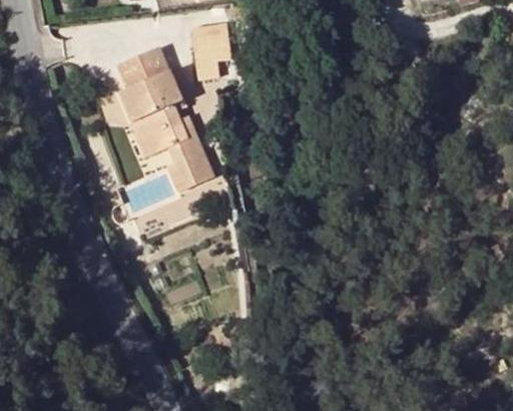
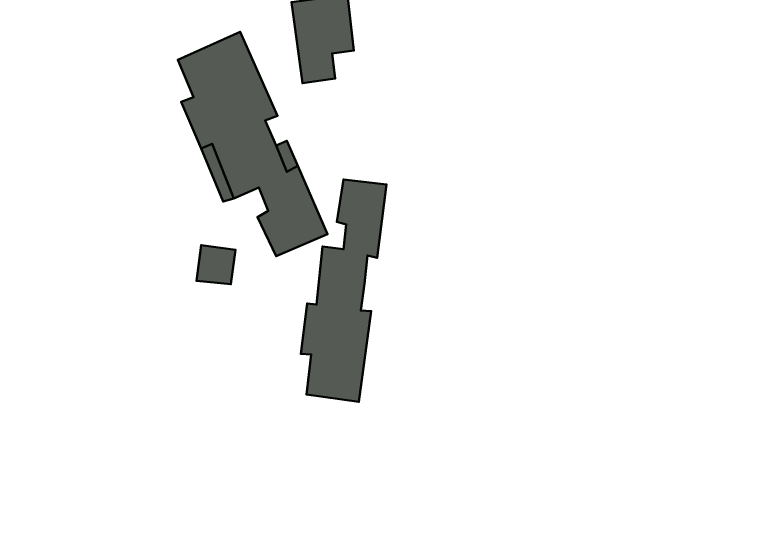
building: none -> [301,179,386,402]

